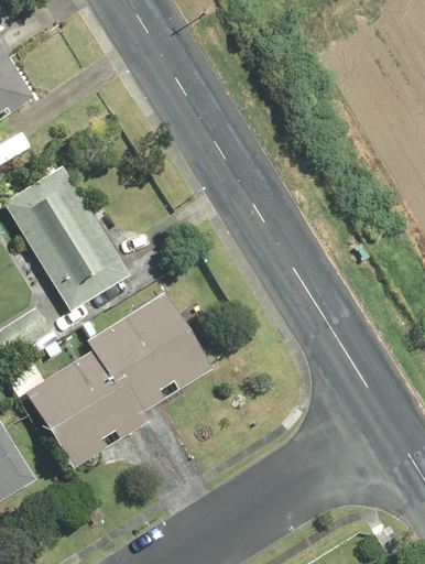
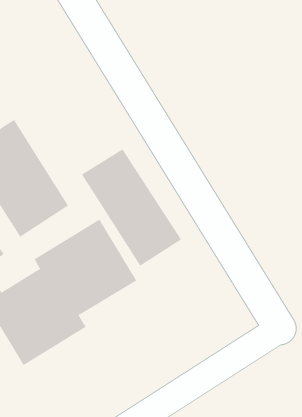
building: none -> [81,148,182,266]

